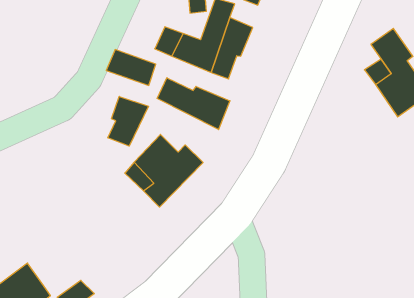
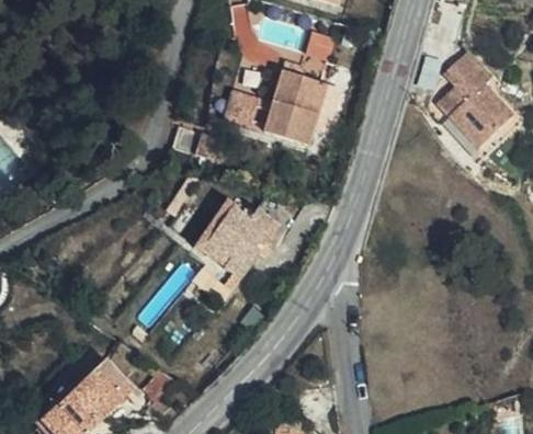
building: [157,78,230,130] -> none
building: [108,96,149,146] -> none

